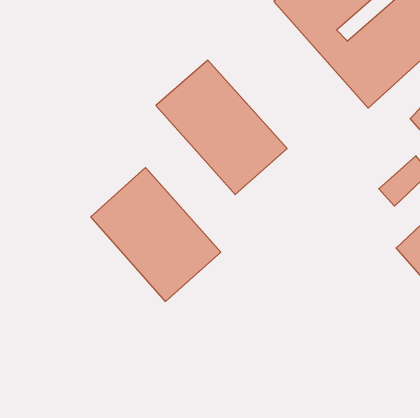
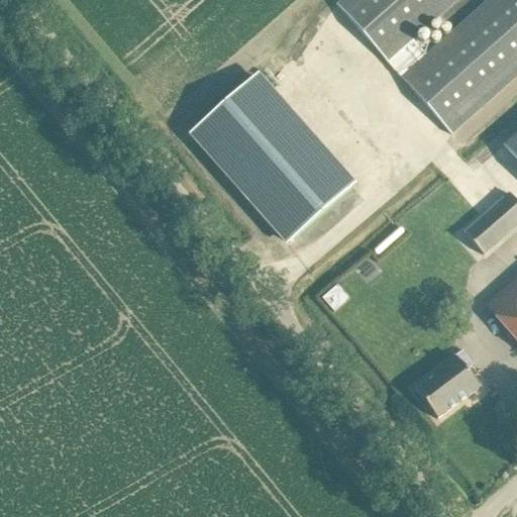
building: [91,168,221,301] -> none
building: none -> [415,354,482,416]

